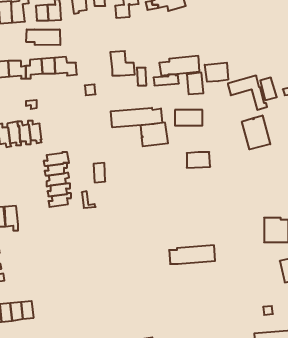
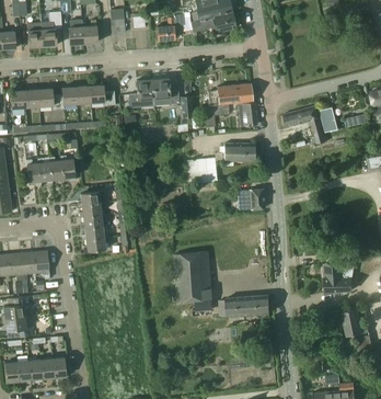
building: [26,29,60,45] -> none
building: none -> [128,79,154,107]
building: [205,63,228,82] -> none
building: [111,108,162,127] -> none
building: [242,115,270,149] -> none
building: none -> [173,251,212,301]

